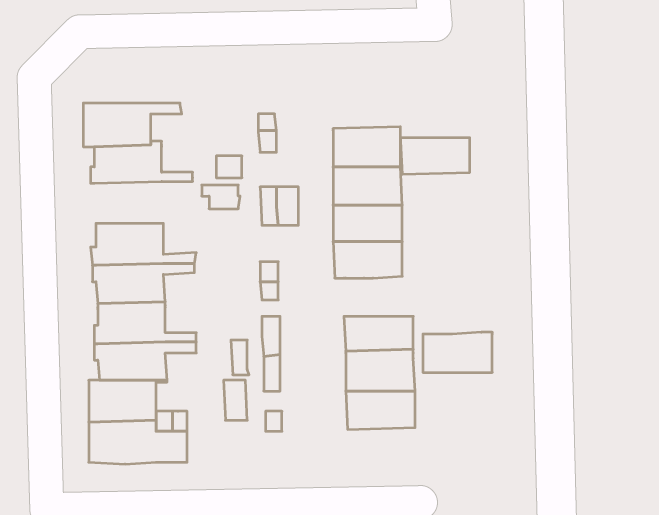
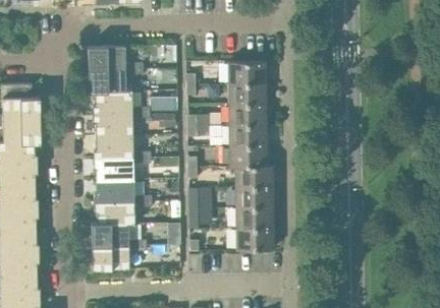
building: none -> [88,47,143,69]
building: [400,138,470,174] -> [227,63,266,83]
building: none -> [93,113,150,136]
building: [423,332,492,372] -> [234,166,273,188]

